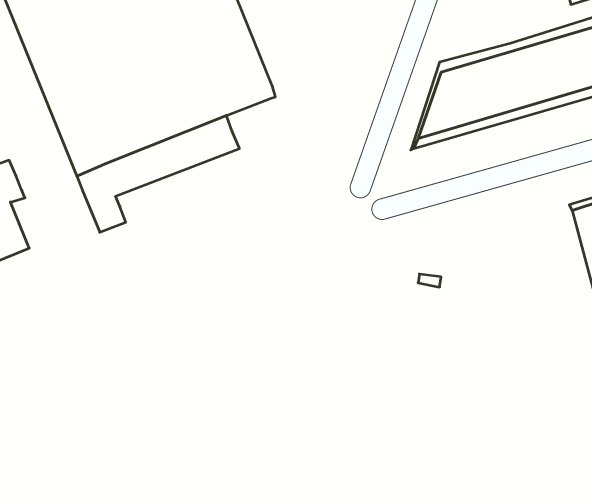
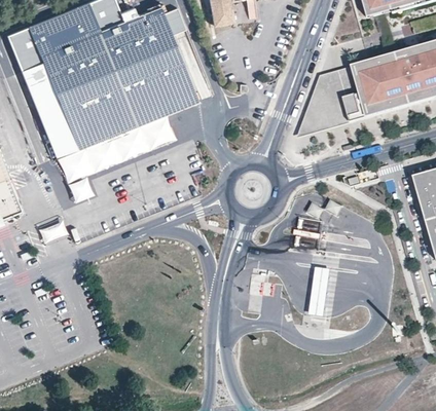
building: none -> [311,267,332,315]

